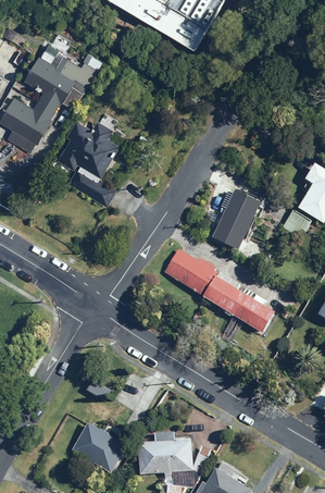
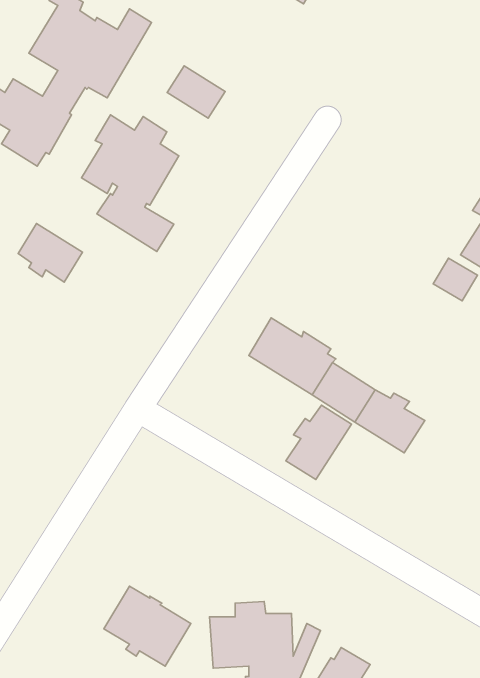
building: none -> [167,66,225,118]
building: none -> [18,223,83,282]
building: [211,188,261,250] -> none
building: none -> [286,405,352,480]

